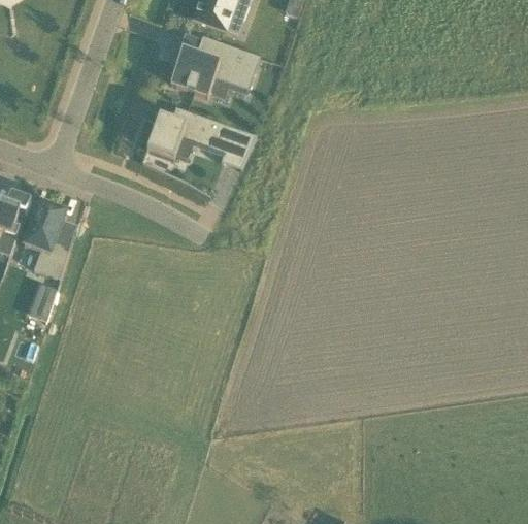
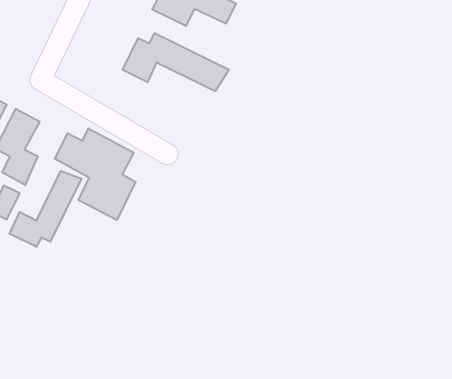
building: none -> [55,128,136,220]
building: none -> [9,171,81,247]

